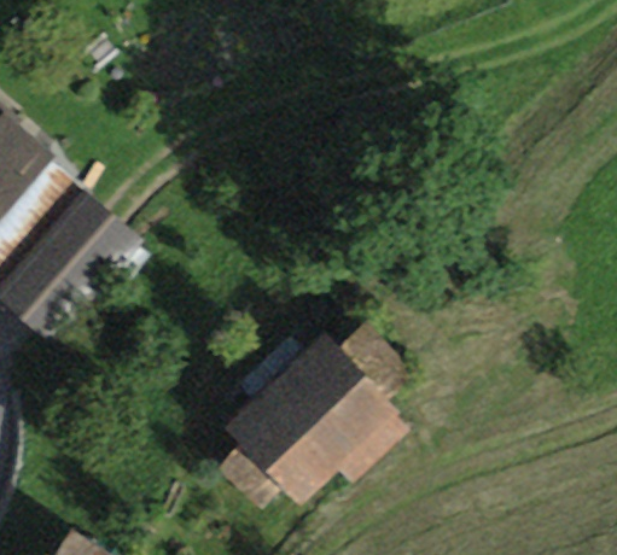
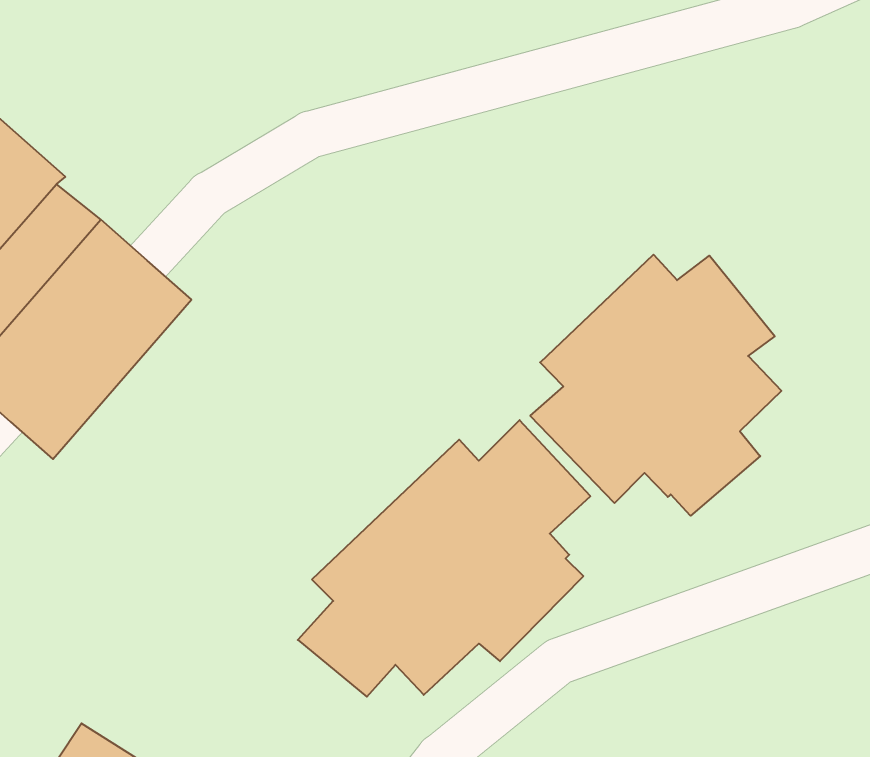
building: none -> [530,255,781,516]

